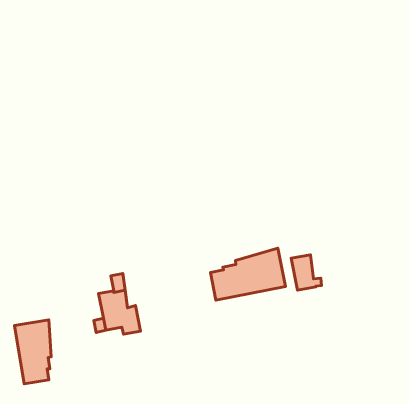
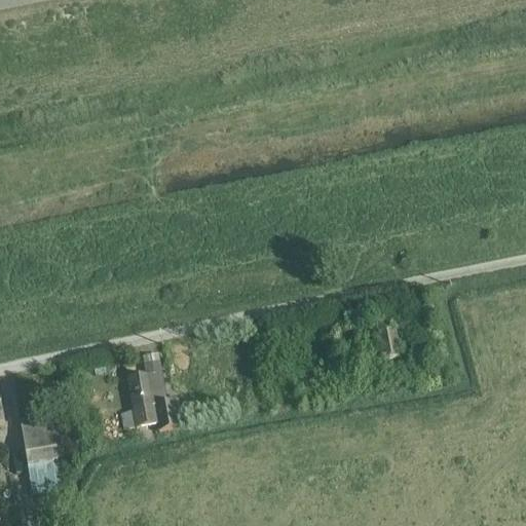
building: [210,248,286,300] -> none

